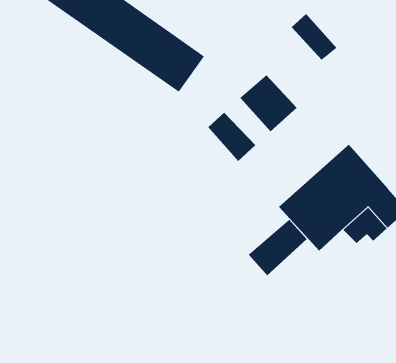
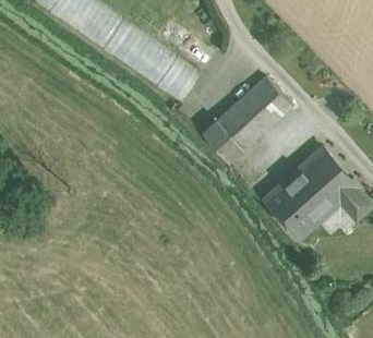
building: [291,13,337,61] -> [253,75,292,116]
building: none -> [217,107,256,147]
building: [248,219,307,276] -> none

